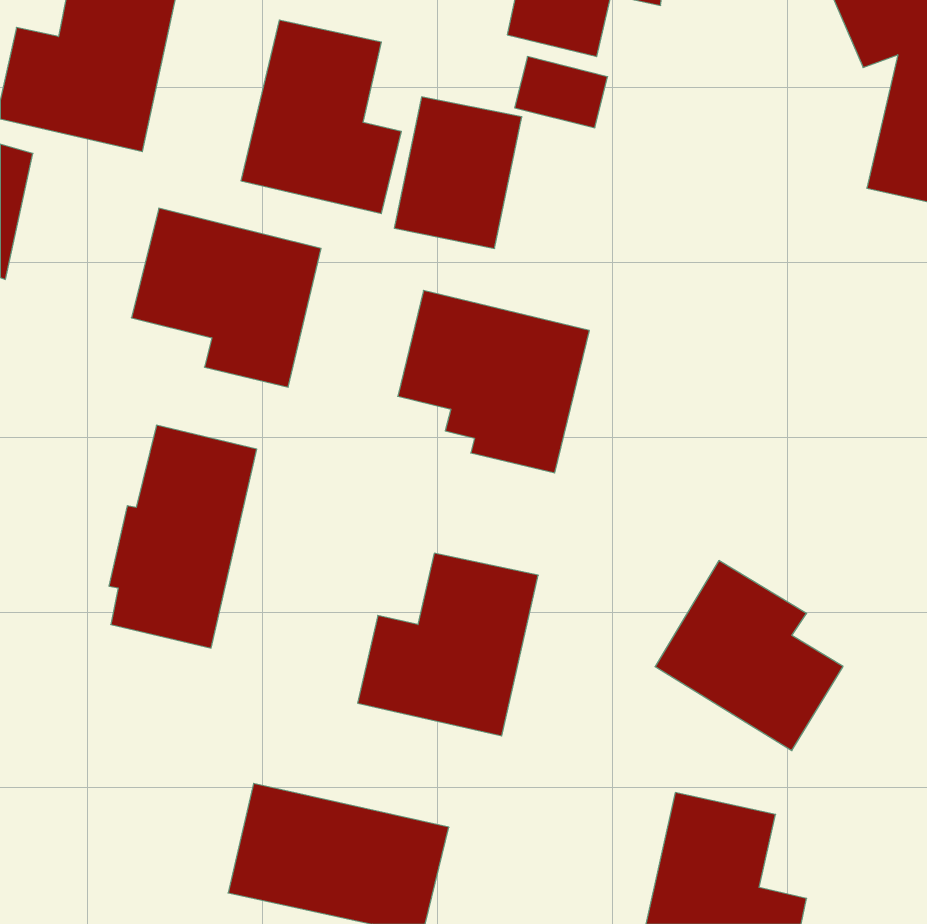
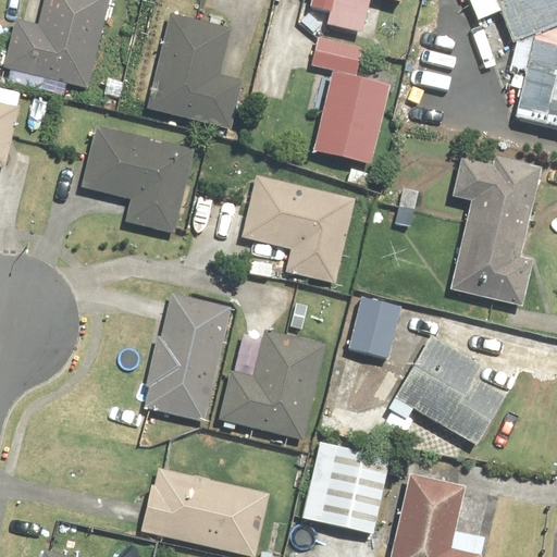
building: [394,97,522,248] -> [311,76,387,166]
building: none -> [447,157,541,308]
building: [109,425,257,648] -> [145,288,233,421]
building: none -> [348,292,404,345]
building: none -> [300,443,388,534]

